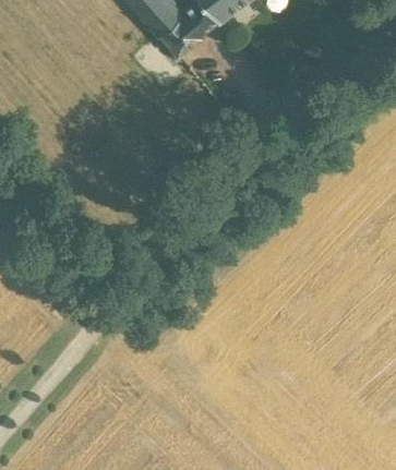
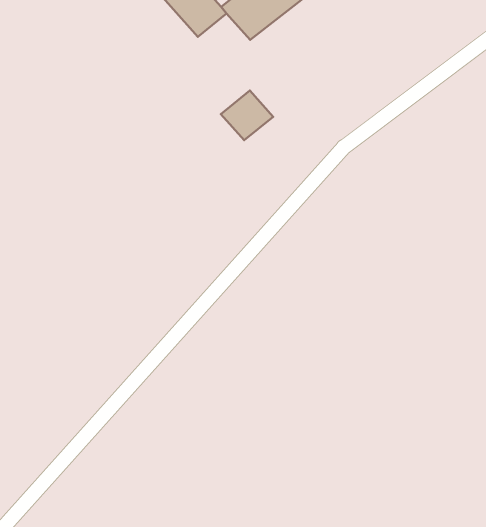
building: [160,14,202,53] -> [221,91,273,140]

